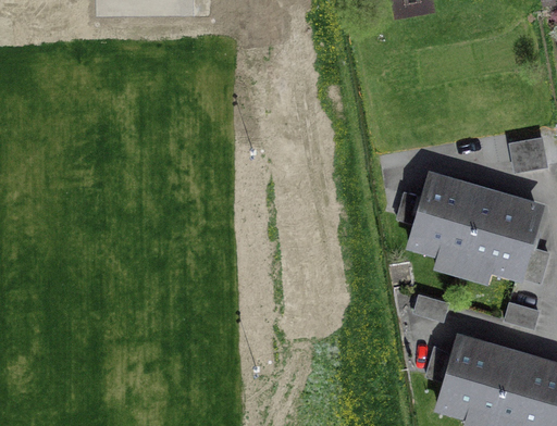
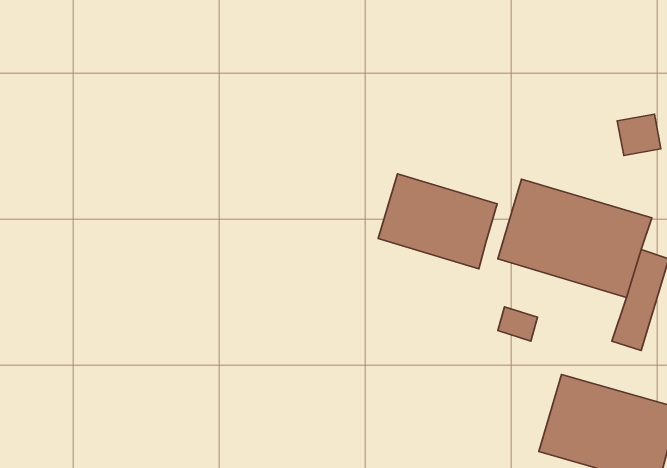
building: none -> [378,174,497,269]

